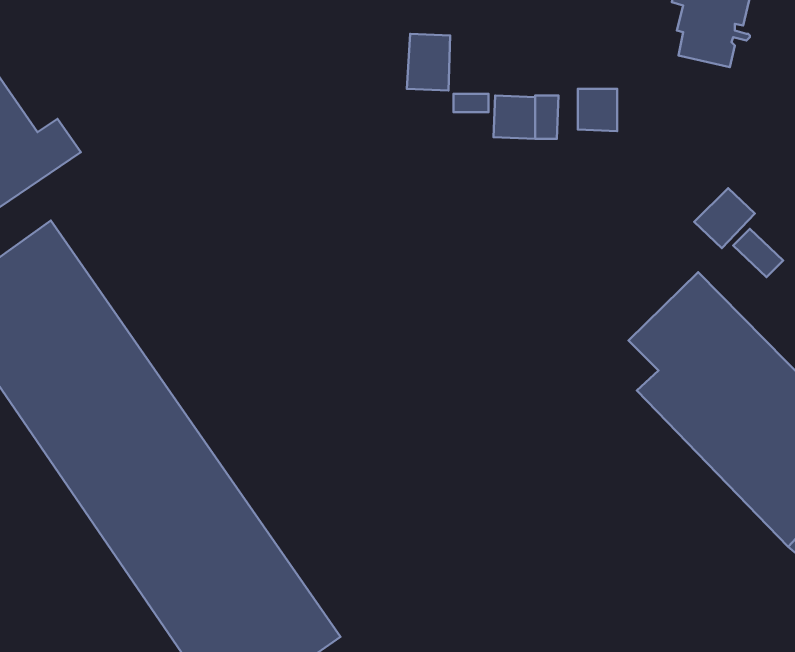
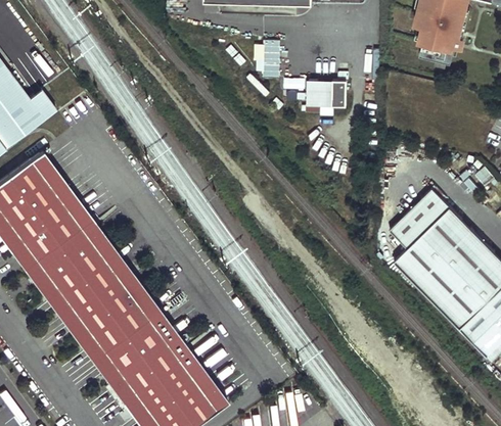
building: [578,89,617,131] -> none
building: [694,188,755,248] -> none

